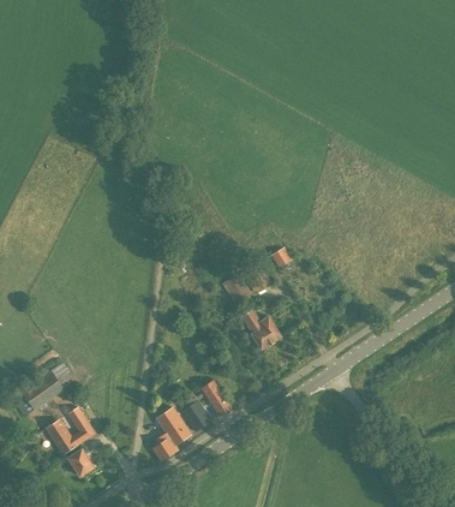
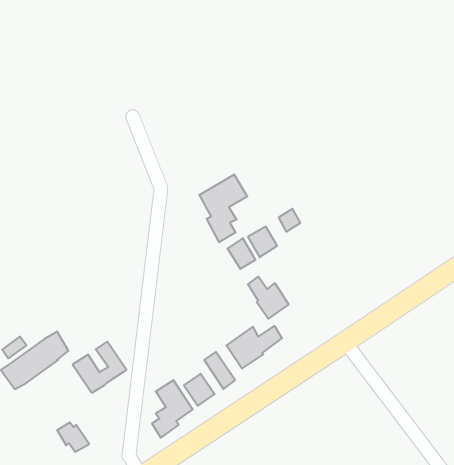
building: none -> [199,174,247,242]
building: none -> [226,326,282,369]
building: [46,406,96,454] -> [73,342,126,393]

